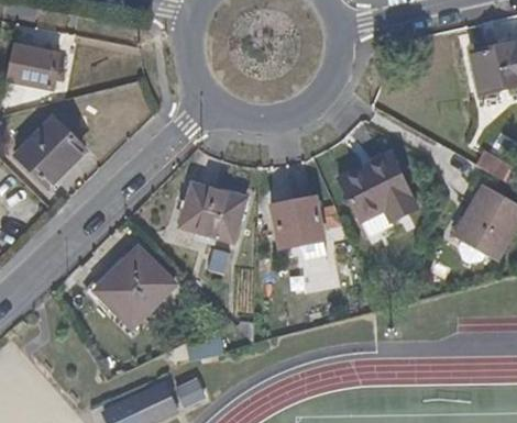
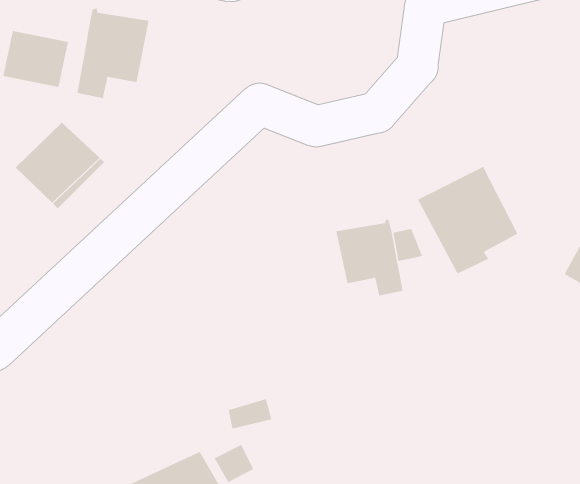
building: none -> [77,7,149,99]
building: [186,183,245,240] -> none
building: [95,248,174,325] -> none

